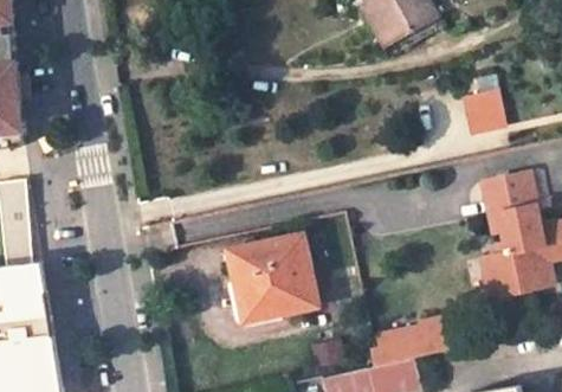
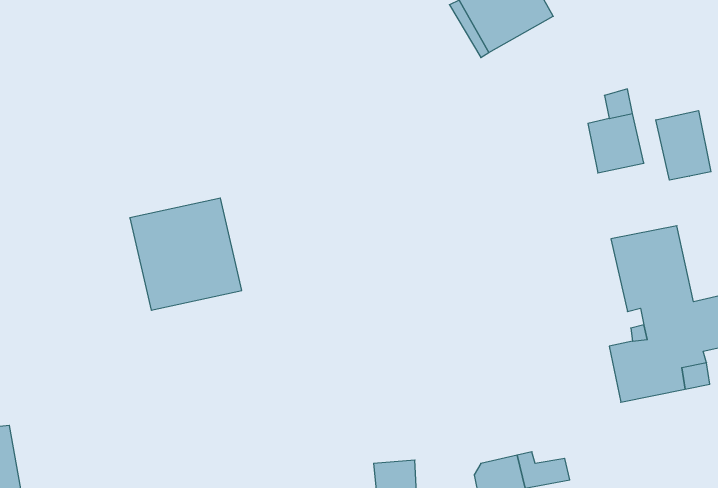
building: none -> [656,111,711,180]
building: [233,240,314,321] -> [130,198,242,310]

